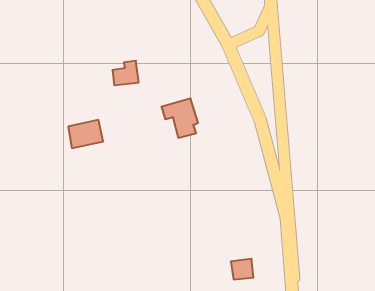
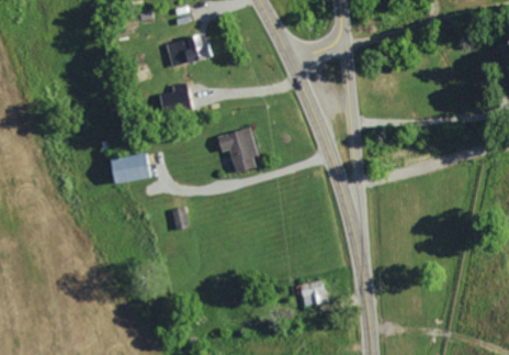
building: none -> [172,34,212,65]
building: [231,259,253,279] -> [299,280,326,304]

